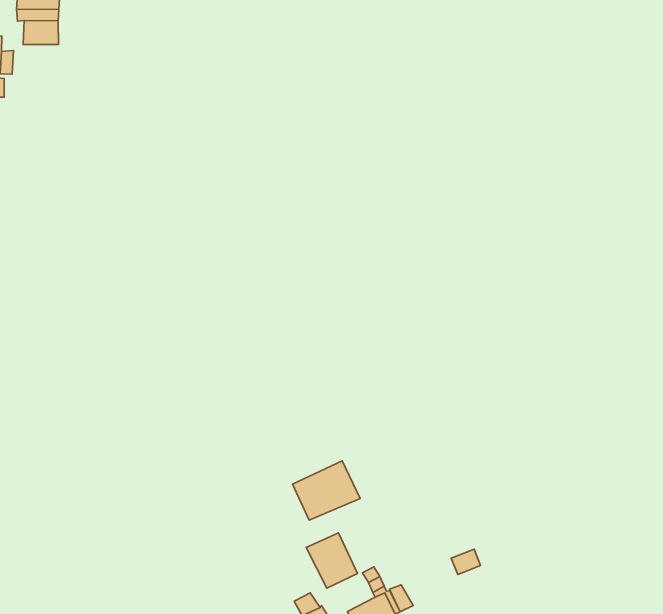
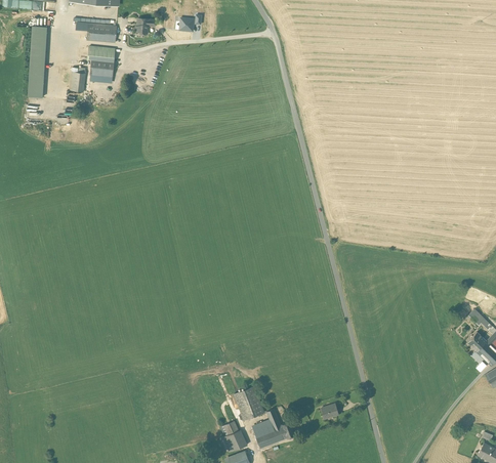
building: [293,461,360,520] -> none

